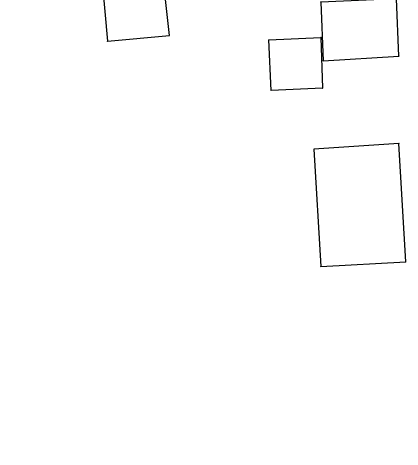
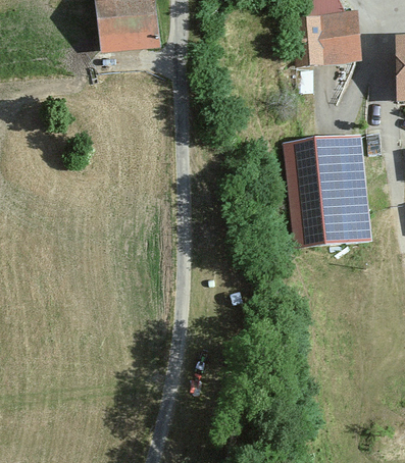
building: [269,37,322,90] -> none

